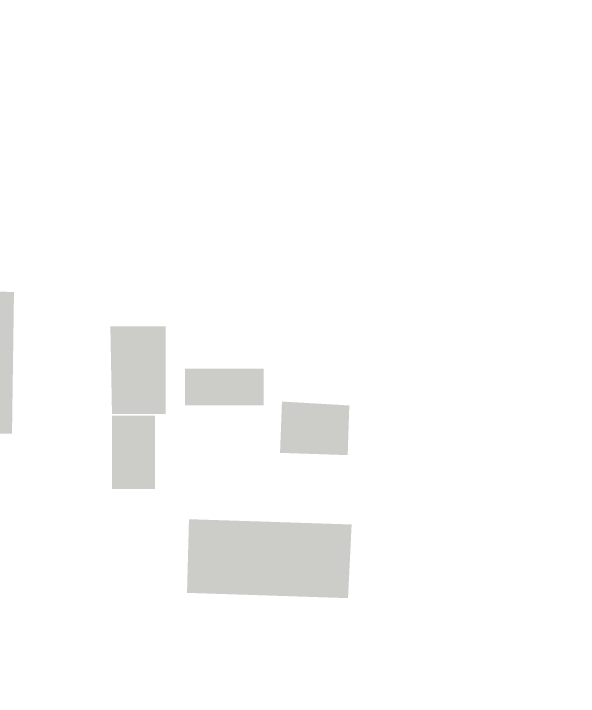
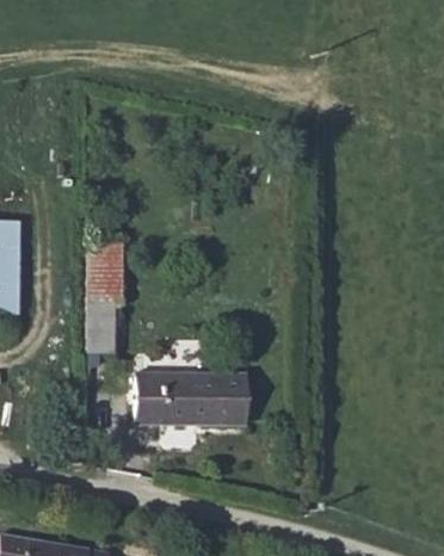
building: [184,368,265,406] -> none
building: [279,401,350,456] -> none

